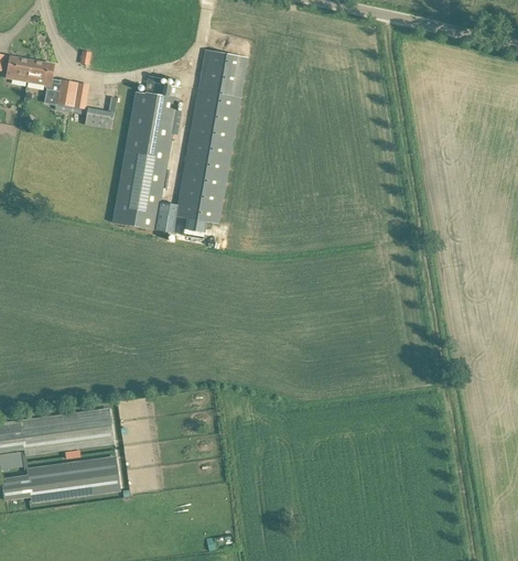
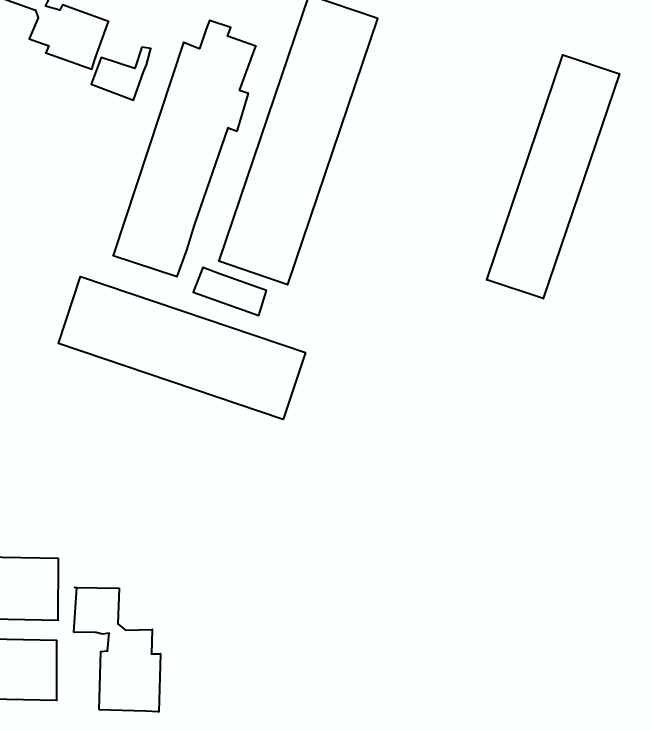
building: none -> [487,55,619,299]
building: none -> [58,277,305,419]
building: none -> [74,587,160,712]

